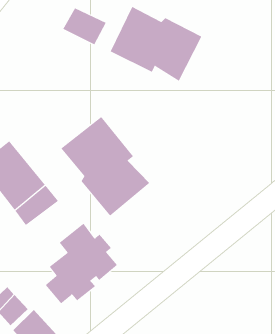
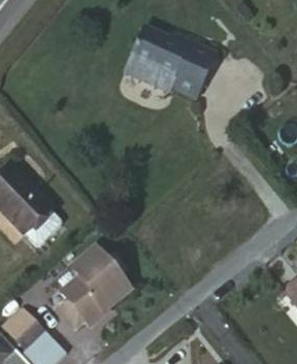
building: [63,7,106,45] -> none
building: [61,116,150,216] -> none

